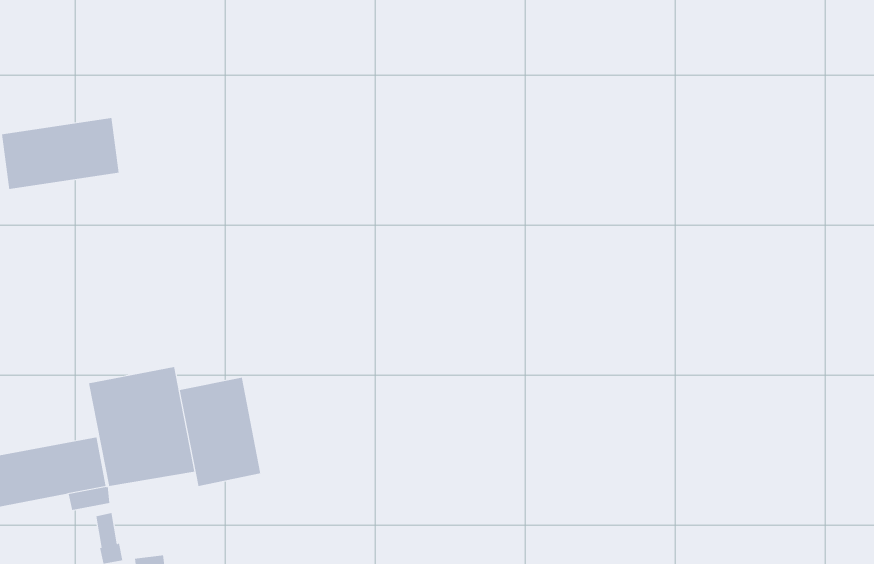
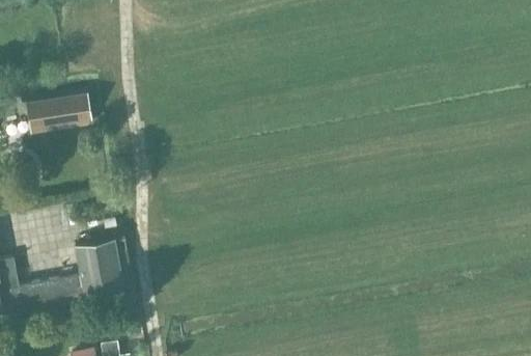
building: [179,377,261,487] -> none

